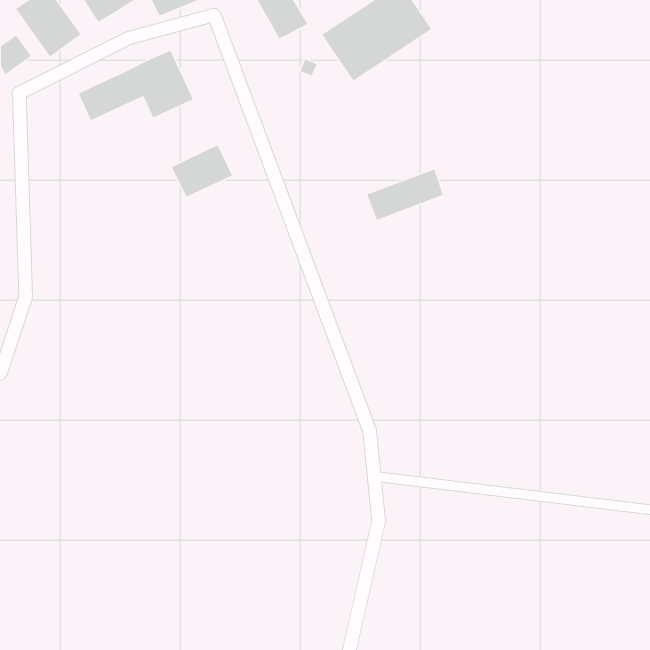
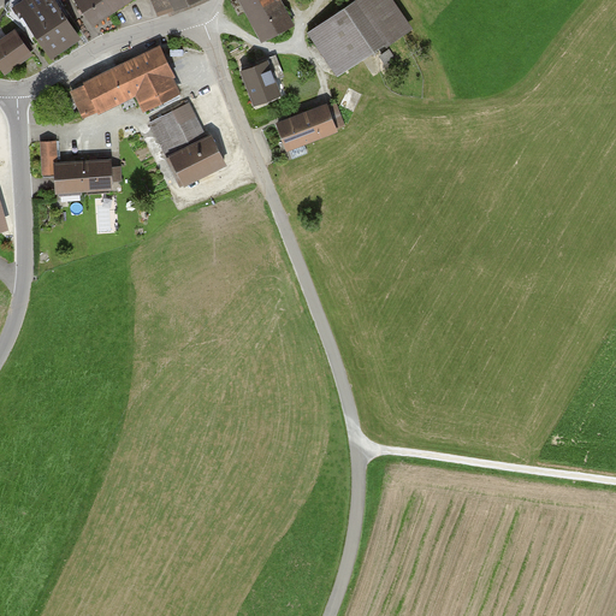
building: none -> [235,53,279,106]
building: none -> [146,106,207,158]
building: none -> [42,141,114,190]
building: [366,169,444,221] -> [271,102,344,152]

